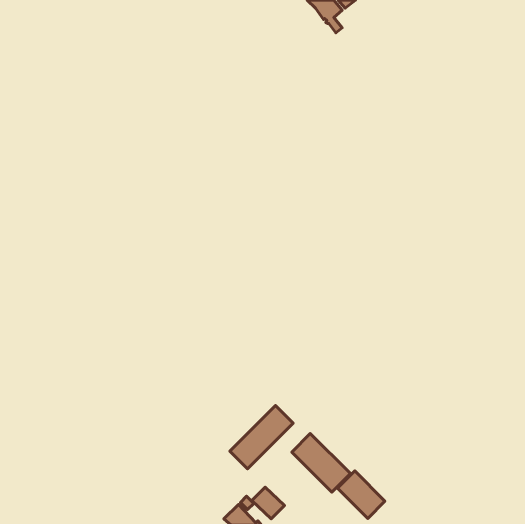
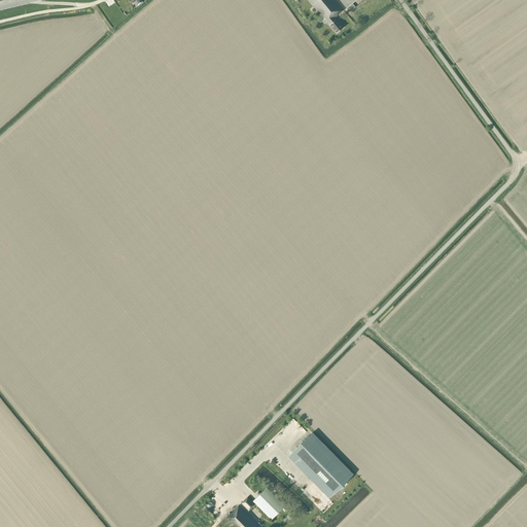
building: [230,406,293,469] -> none
building: [338,471,385,518] -> none

